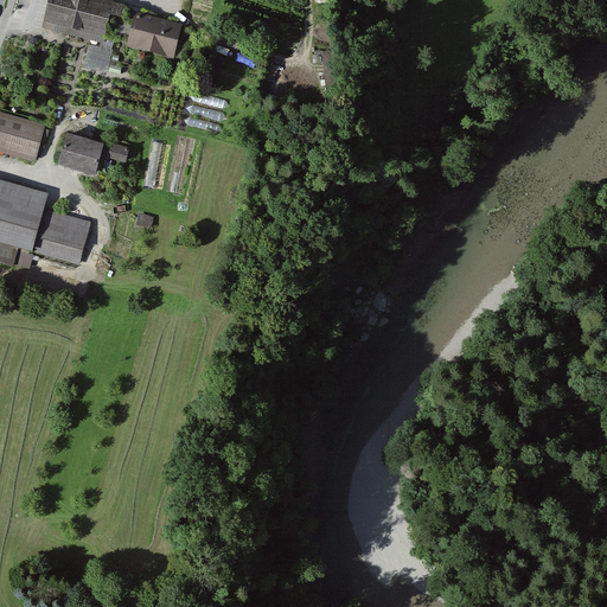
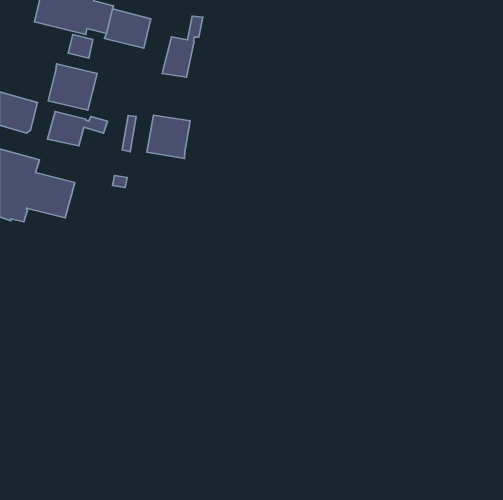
building: none -> [162,16,203,77]
building: none -> [48,64,97,110]
building: none -> [147,115,190,158]

